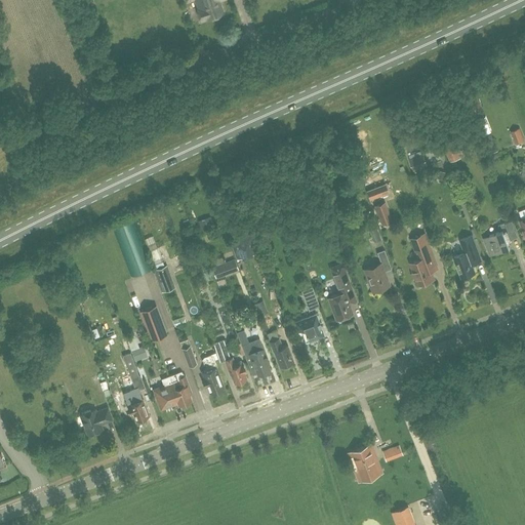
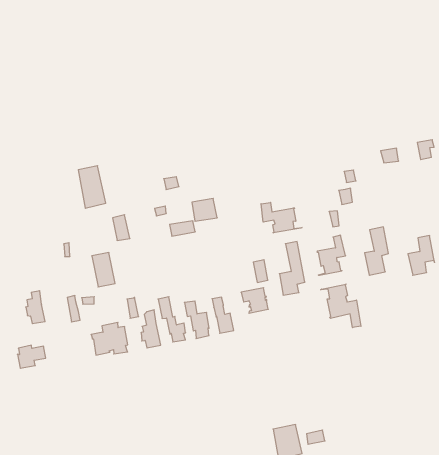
building: none -> [261,202,302,233]
building: none -> [321,284,361,328]
building: [127,388,149,421] -> [26,291,45,324]

